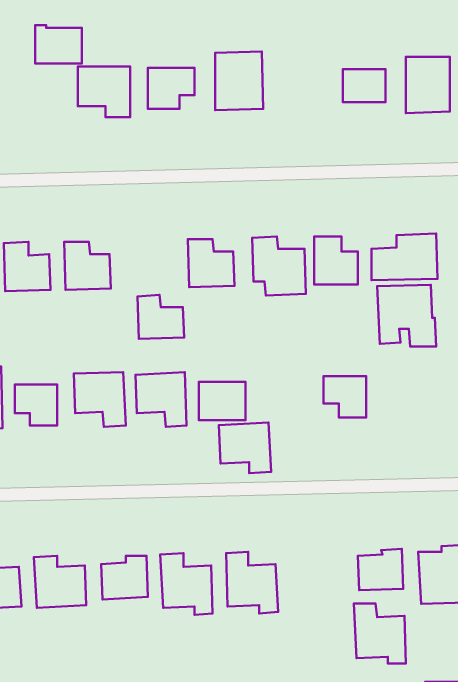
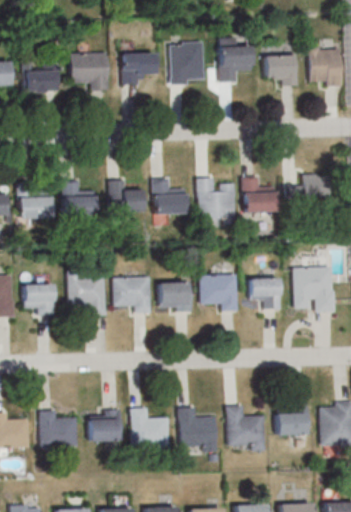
building: [35,25,82,64] -> [26,64,60,92]
building: none -> [219,37,253,82]
building: [377,285,436,347] -> [292,266,335,311]
building: [138,295,184,339] -> [108,179,142,211]
building: [219,423,271,473] -> [199,274,237,311]
building: [354,603,406,664] -> [226,406,264,450]

